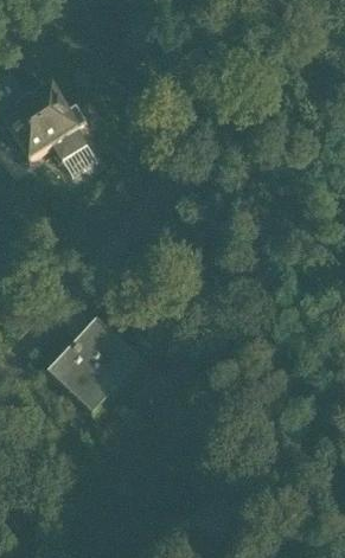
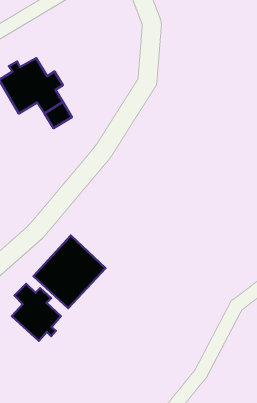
building: none -> [12,284,61,341]

